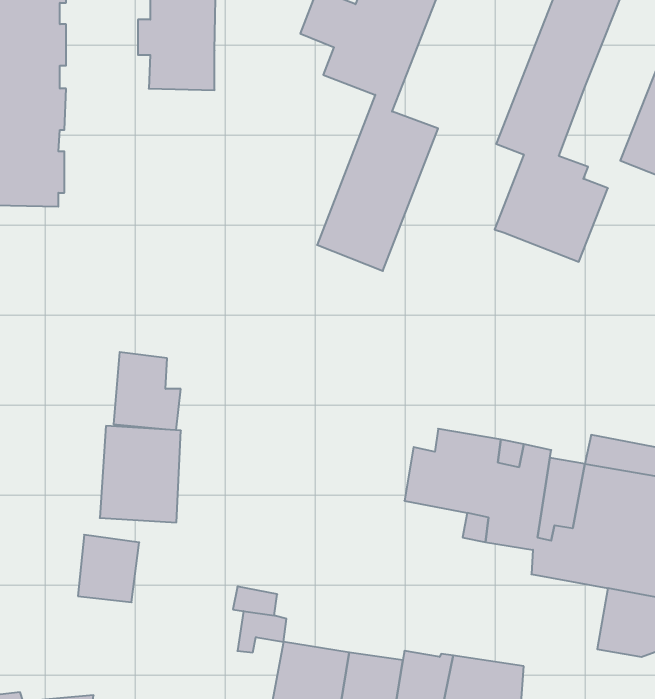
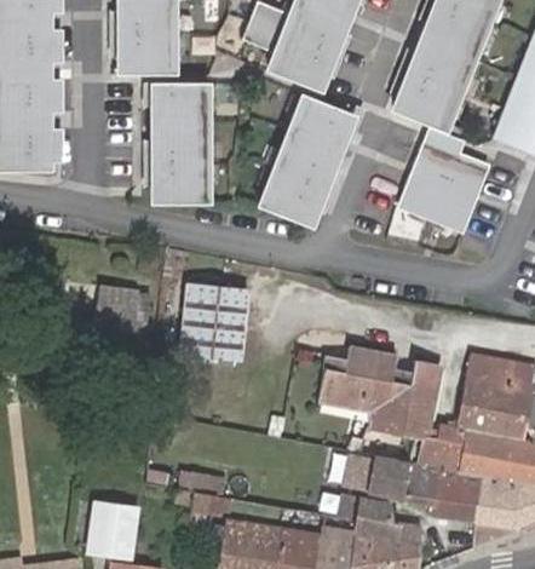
building: none -> [146,88,208,211]
building: [100,426,181,522] -> [188,284,252,361]
building: [78,535,139,602] -> [90,502,138,556]
building: none -> [346,450,487,523]
building: none -> [343,495,420,536]

